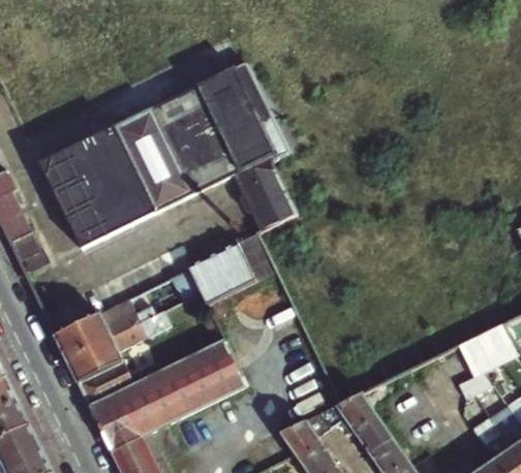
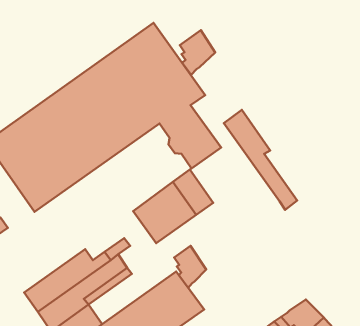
building: none -> [180,30,215,75]
building: none -> [224,110,297,210]
building: none -> [174,246,206,288]

